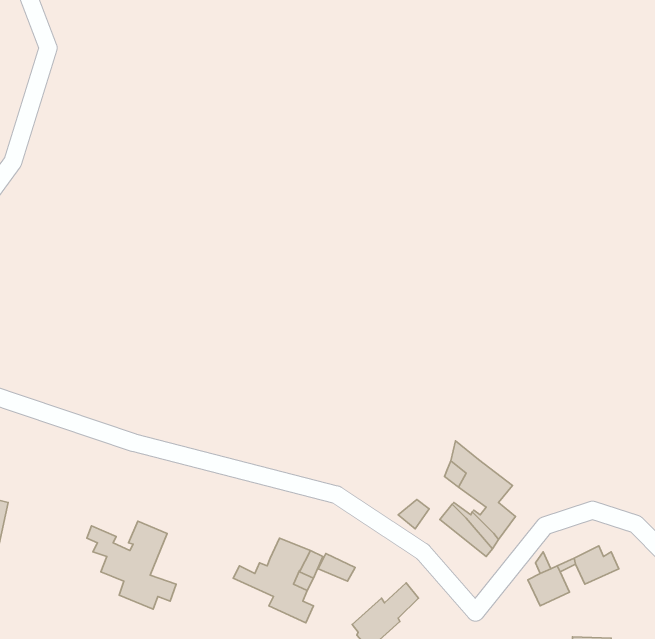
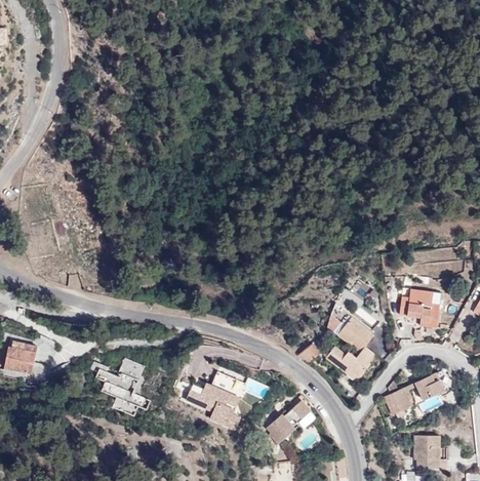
building: none -> [399,288,439,327]

